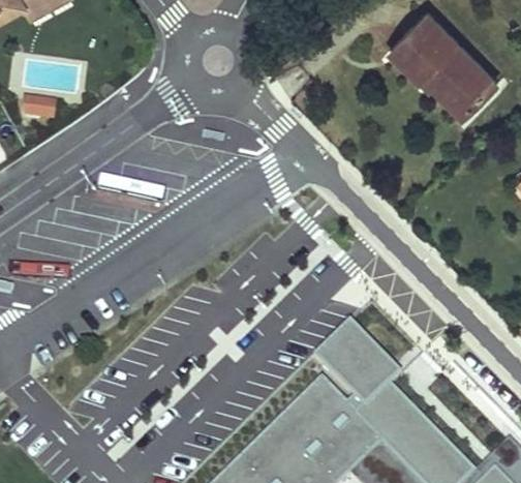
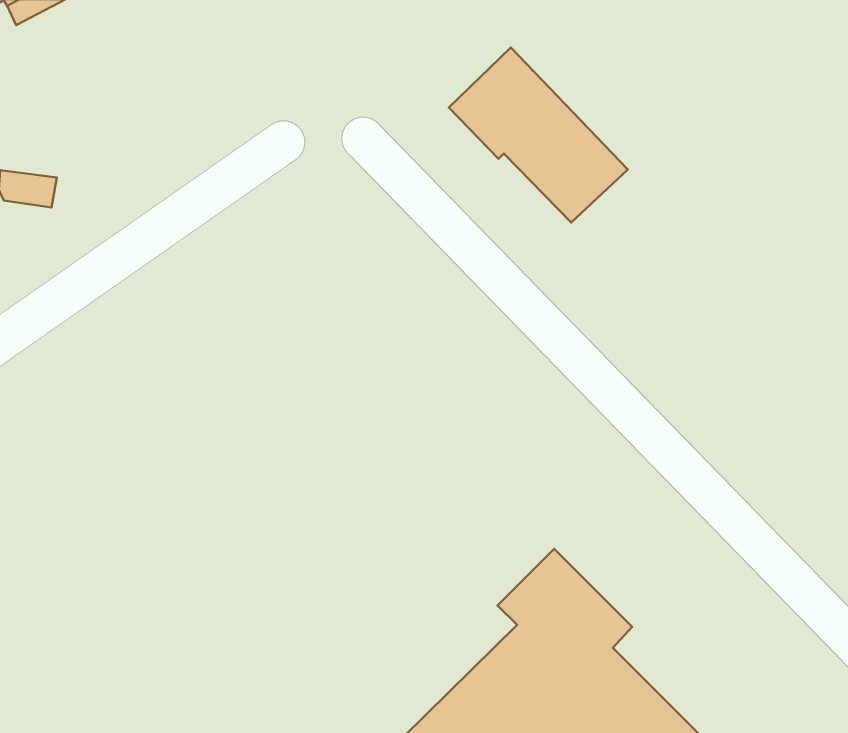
building: [390,18,494,120] -> [449,47,628,223]

